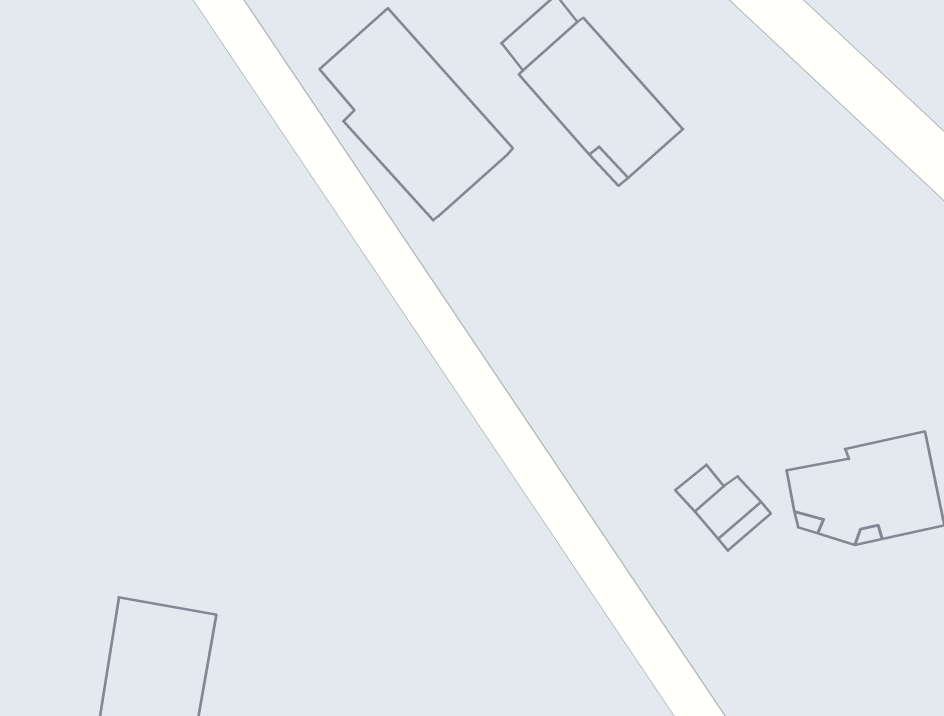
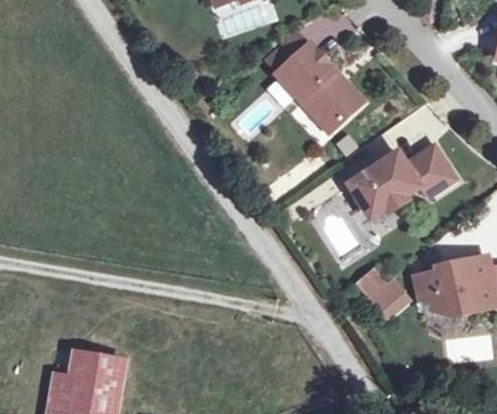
building: [320,8,513,220] -> none
building: none -> [348,147,454,218]

